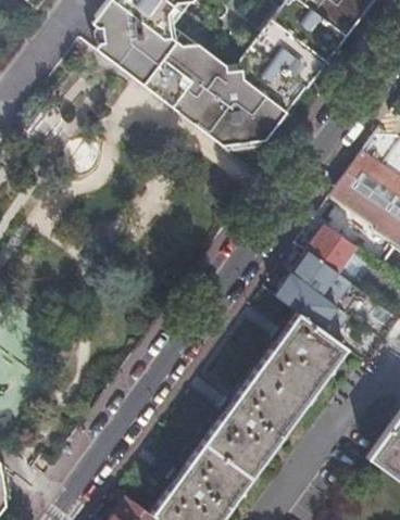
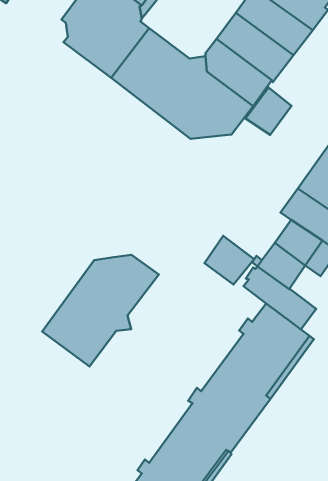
building: none -> [246,87,291,135]
building: none -> [204,236,254,285]
building: none -> [42,255,159,367]

